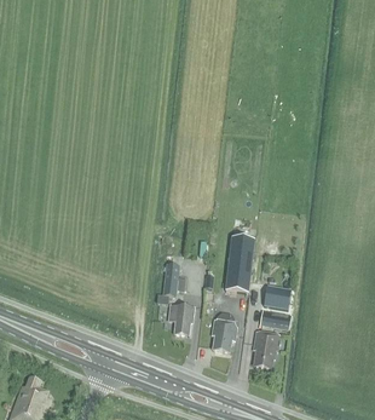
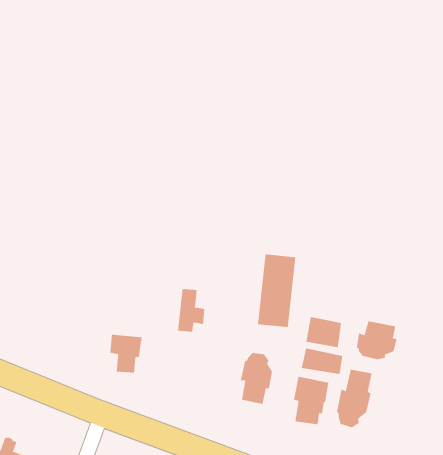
building: none -> [356,321,397,360]
building: [168,305,194,335] -> [110,334,143,373]
building: none -> [337,369,372,428]

